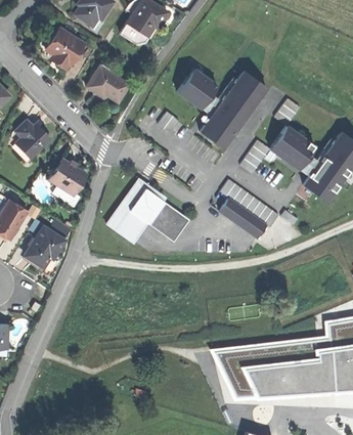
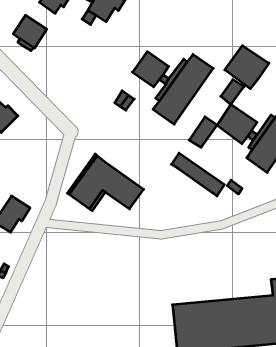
building: none -> [225,46,269,89]
building: [88,69,130,101] -> none
building: [50,160,87,195] -> none
building: [220,198,267,238] -> none

